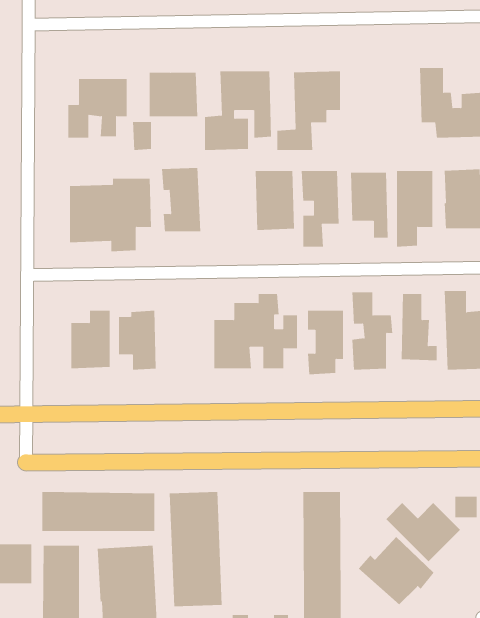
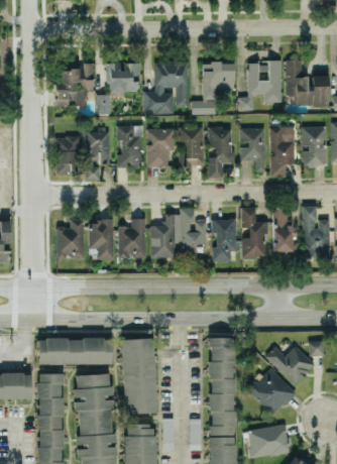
building: none -> [238,62,282,111]
building: none -> [147,129,174,167]
building: none -> [117,219,144,257]

